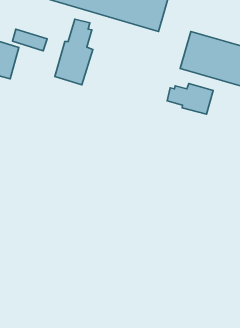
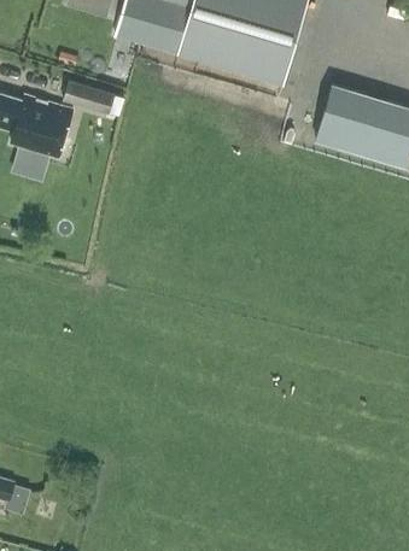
building: [55,19,93,85] -> none
building: [167,83,213,114] -> none

